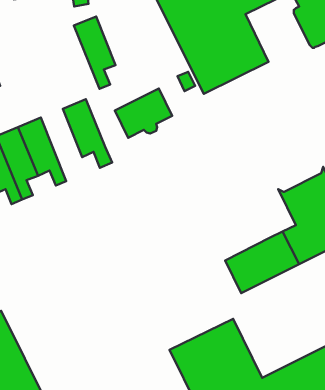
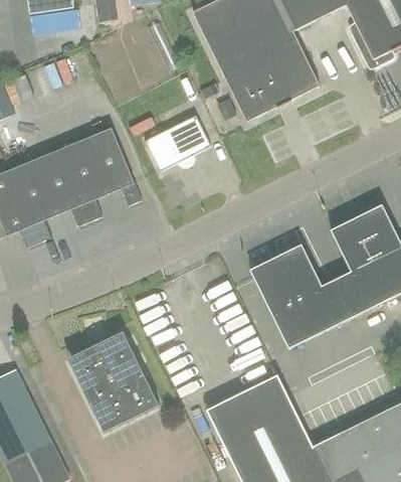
building: [74,17,115,89] -> [60,138,108,220]
building: none -> [249,244,322,311]
building: none -> [71,331,159,432]

